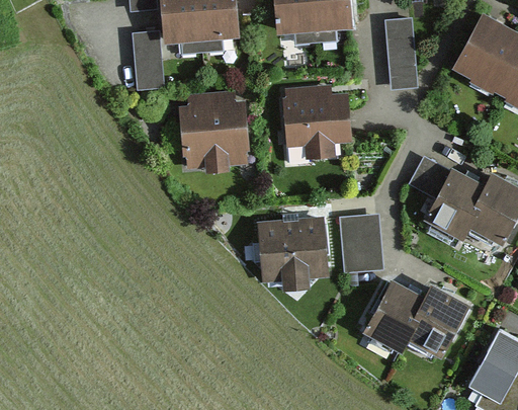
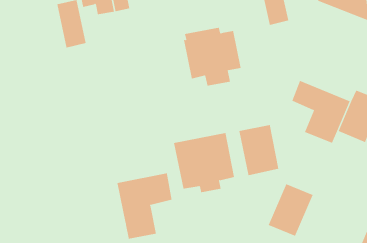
building: [182,89,246,171] -> none
building: none -> [117,173,172,239]
building: [402,293,461,360] -> none

